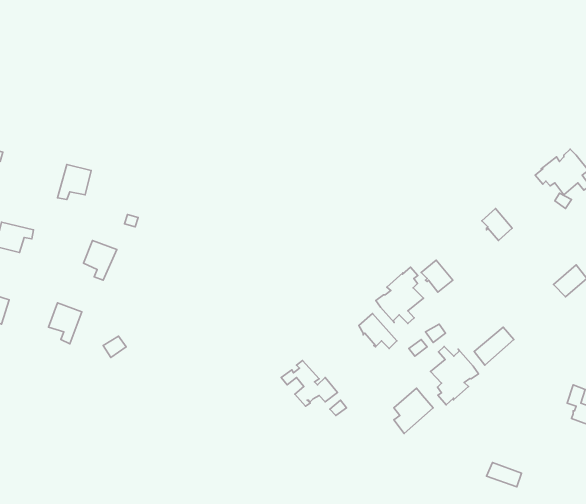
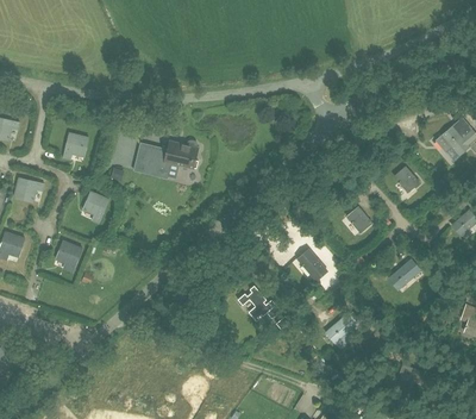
building: none -> [146,140,198,171]
building: [376,267,423,323] -> none
building: [430,346,479,405] -> none

